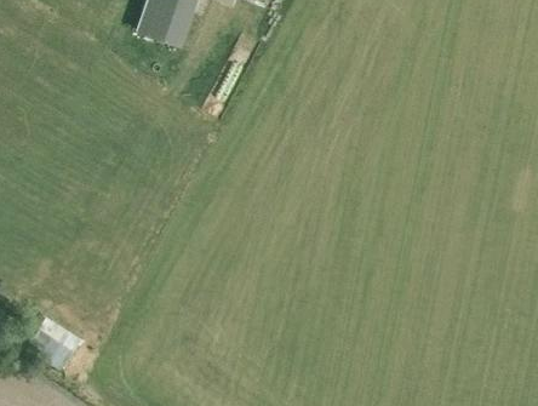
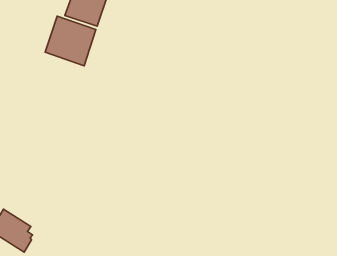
building: none -> [45,16,96,66]

